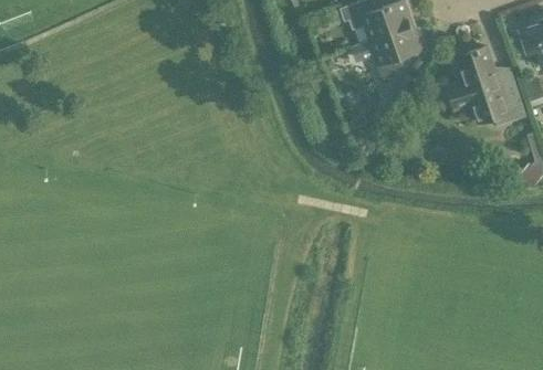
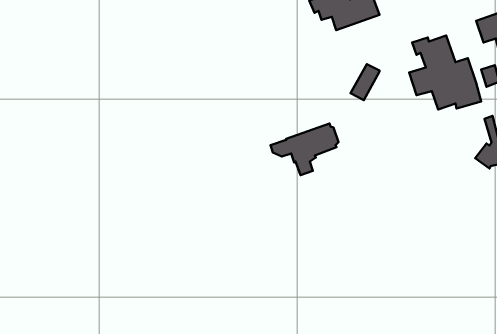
building: [352,23,425,78] -> [271,123,339,175]

